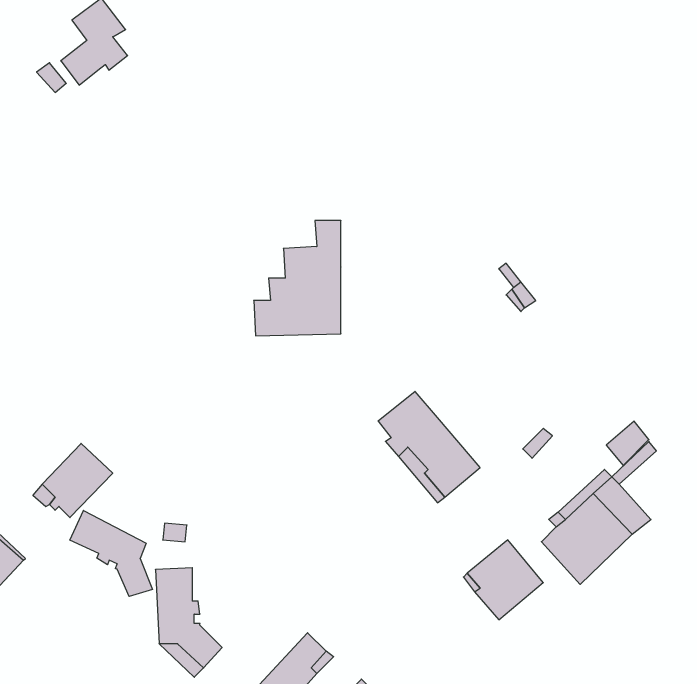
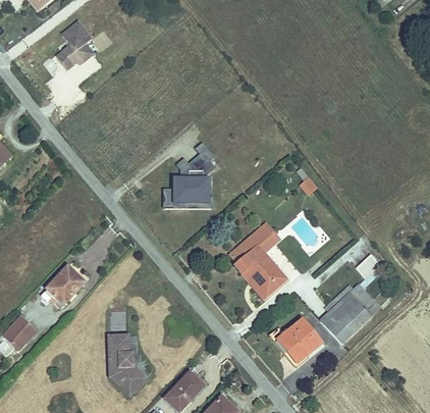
building: none -> [251,223,279,252]
building: [70,510,153,596] -> none

